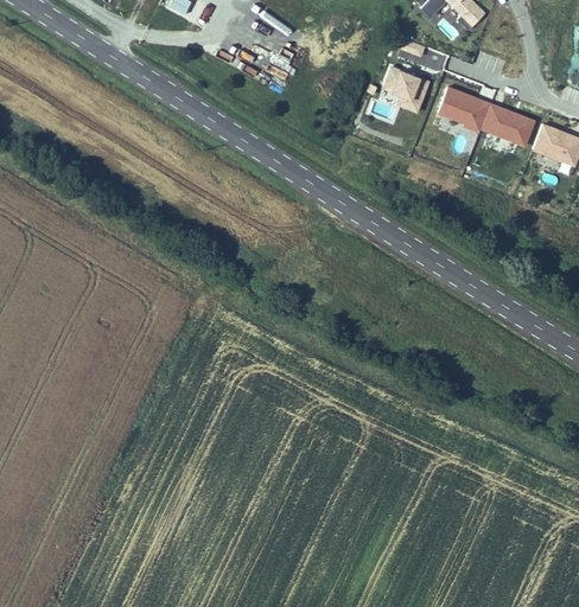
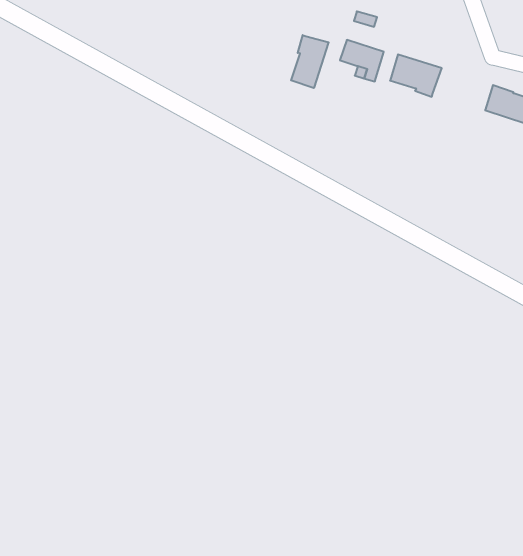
building: none -> [291,35,329,88]
building: [481,103,534,145] -> none

